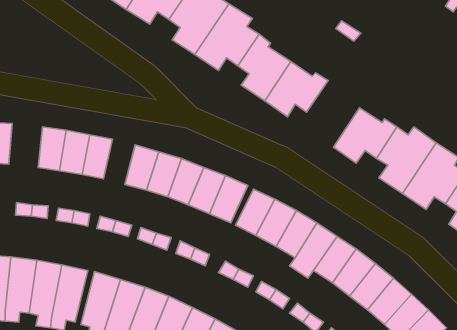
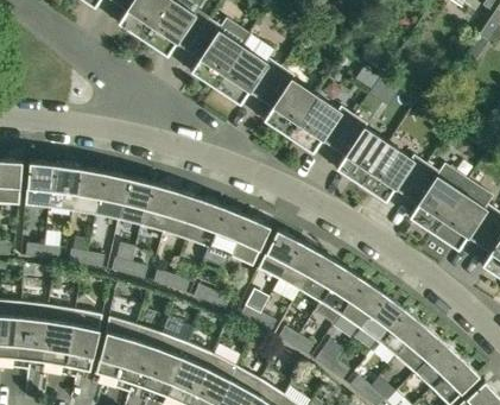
building: none -> [333,115,388,185]
building: none -> [25,162,55,207]
building: none -> [119,177,152,224]

